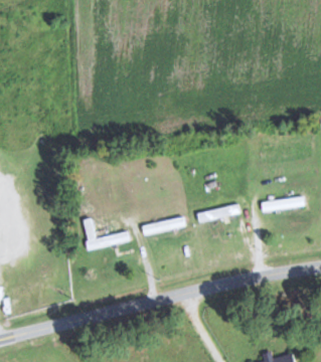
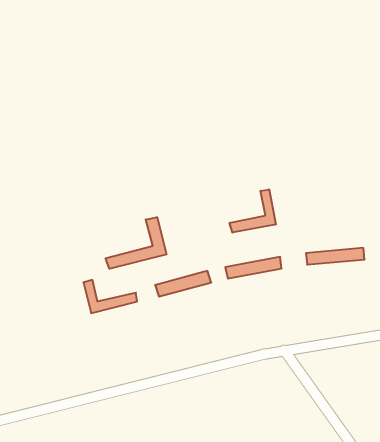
building: none -> [230,189,276,233]
building: none -> [106,217,166,269]

